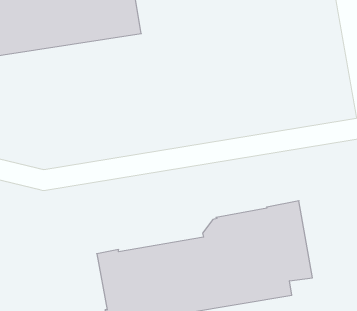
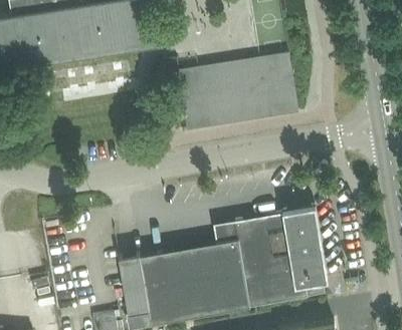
building: none -> [176,54,296,131]

